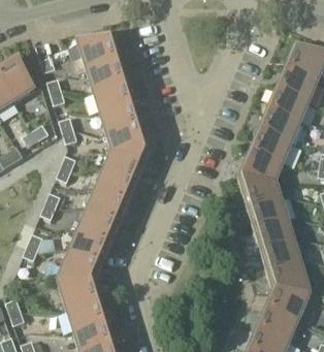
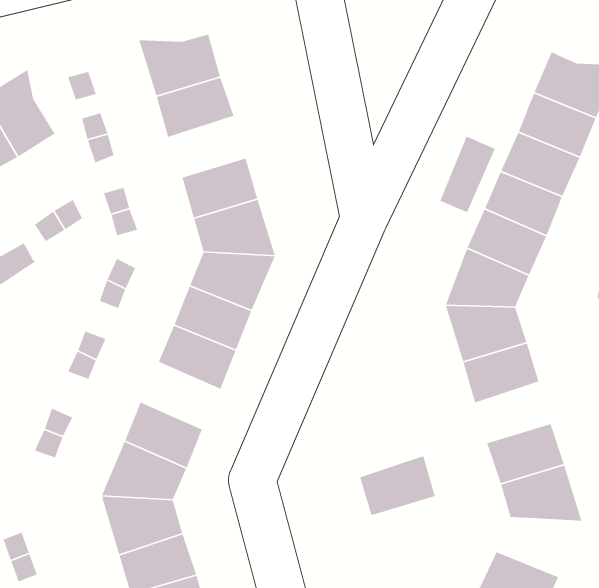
building: [92,81,133,113] -> none
building: none -> [439,135,496,213]
building: [77,210,120,245] -> none
building: [253,220,293,252] -> [359,455,436,516]
building: [264,291,310,322] -> none

